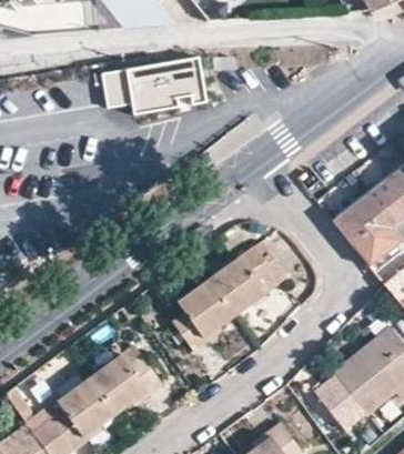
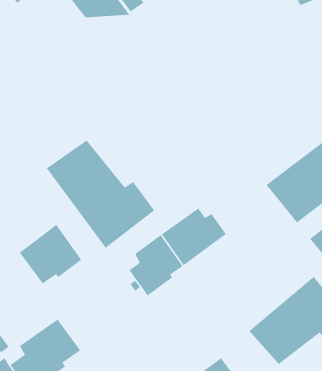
building: [105,56,210,115] -> none
building: none -> [46,139,155,249]
building: [89,343,163,414] -> [19,224,82,285]

